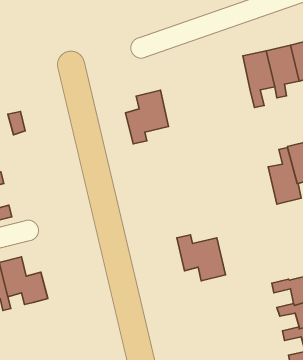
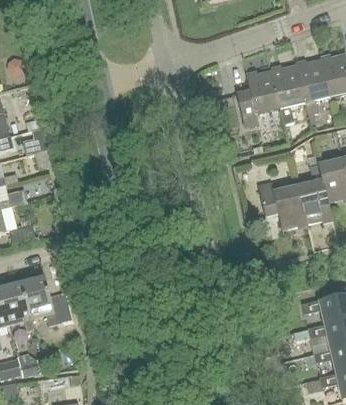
building: [125,90,168,144] -> [236,70,280,125]
building: [177,235,226,281] -> [257,181,307,228]

